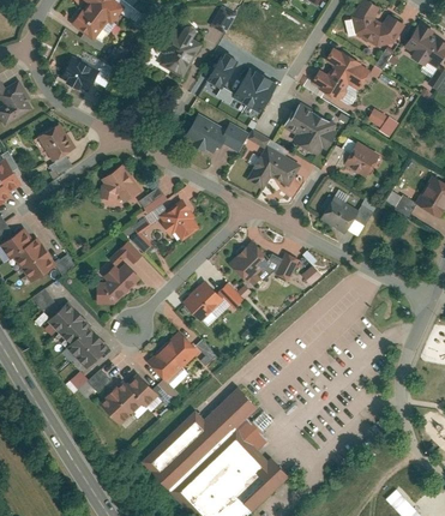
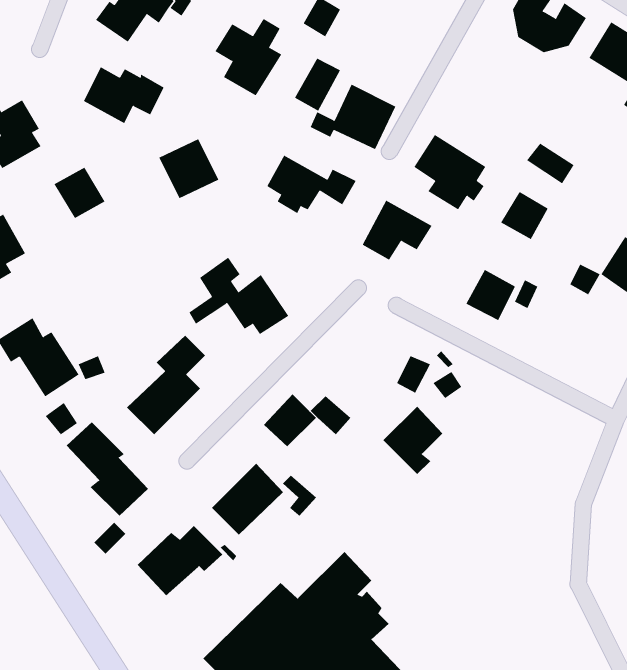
building: [308,47,383,110] -> none
building: [98,164,140,206] -> [159,138,219,199]
building: [228,242,270,290] -> [383,406,443,475]

